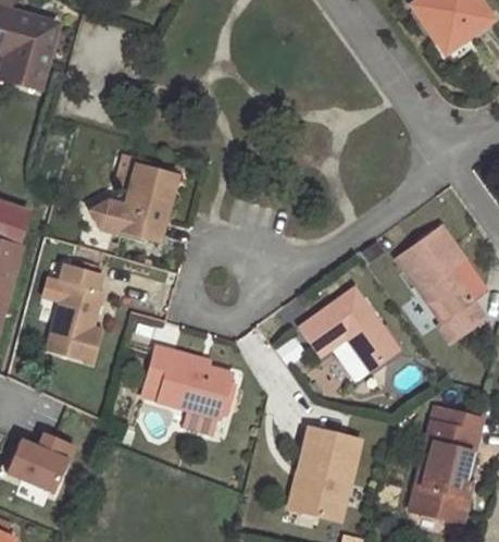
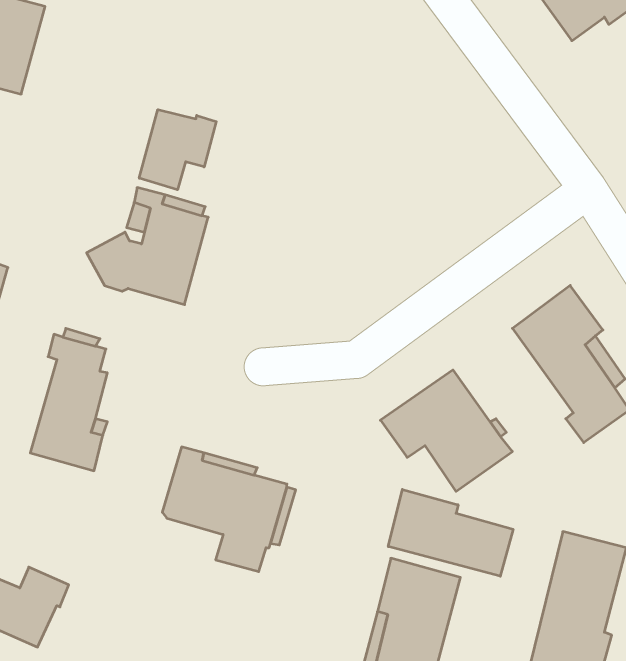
building: none -> [139,110,216,190]
building: none -> [388,489,513,576]

